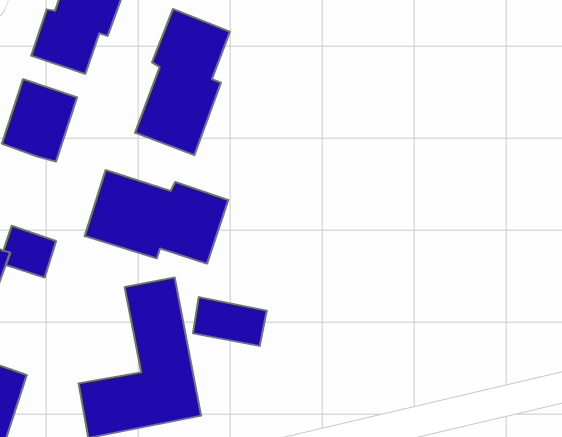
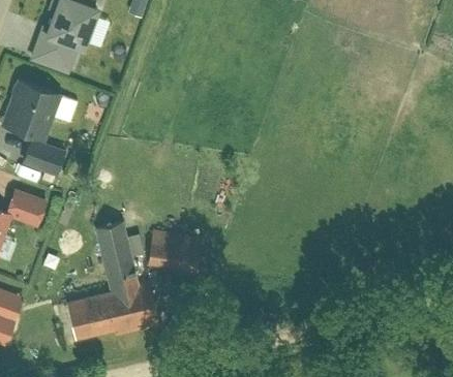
building: [135,9,230,155] -> none
building: none -> [23,135,64,172]
building: [85,170,228,264] -> none

